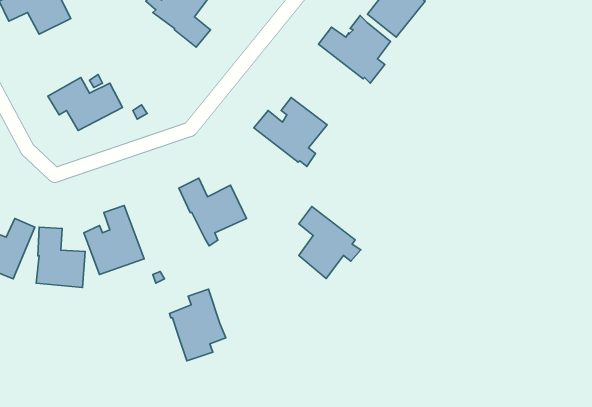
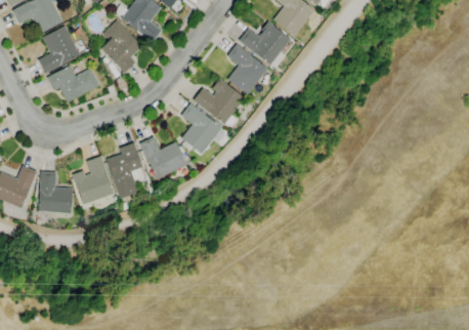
building: none -> [100,20,142,74]
building: none -> [38,26,80,74]
building: none -> [226,44,267,95]
building: [299,207,361,279] -> [181,104,225,155]
building: [170,289,226,361] -> [106,142,146,194]

